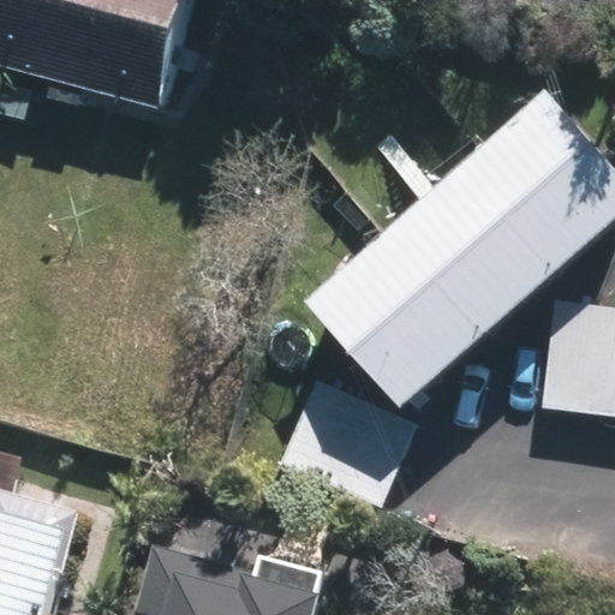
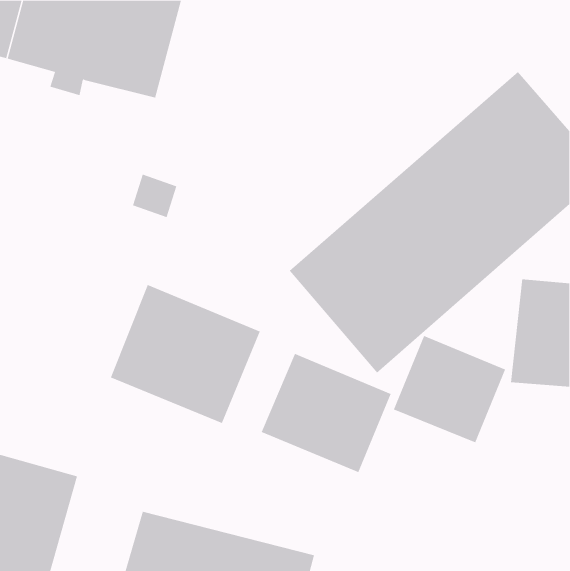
building: none -> [110,284,260,424]
building: none -> [393,335,506,443]

